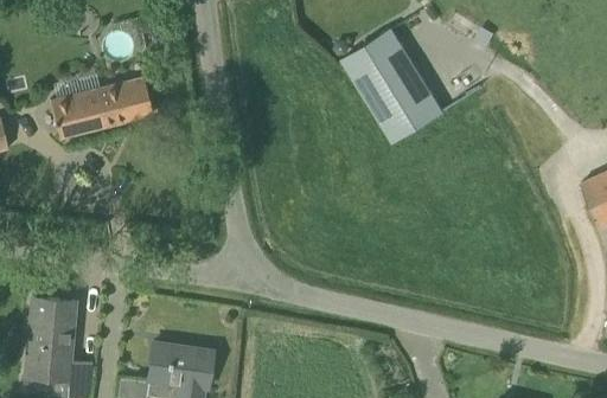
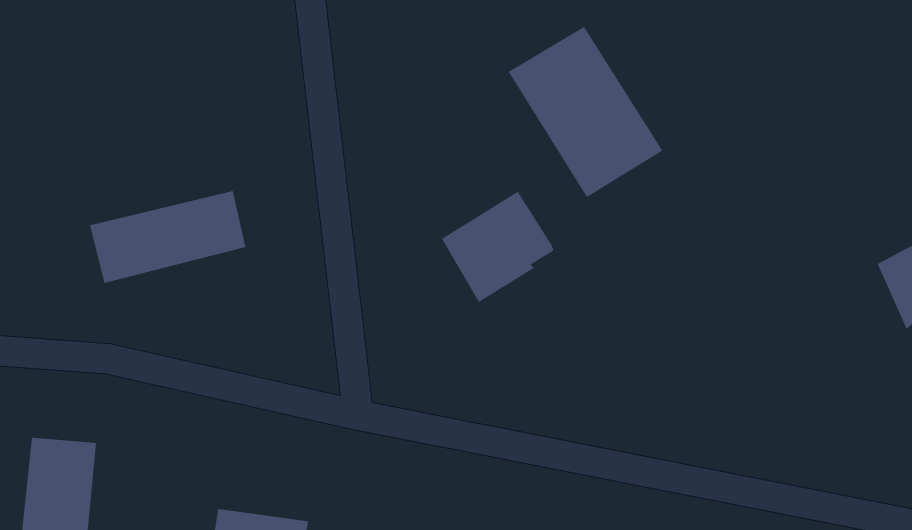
building: [51,78,153,139] -> [89,190,246,284]
building: none -> [441,191,554,303]

